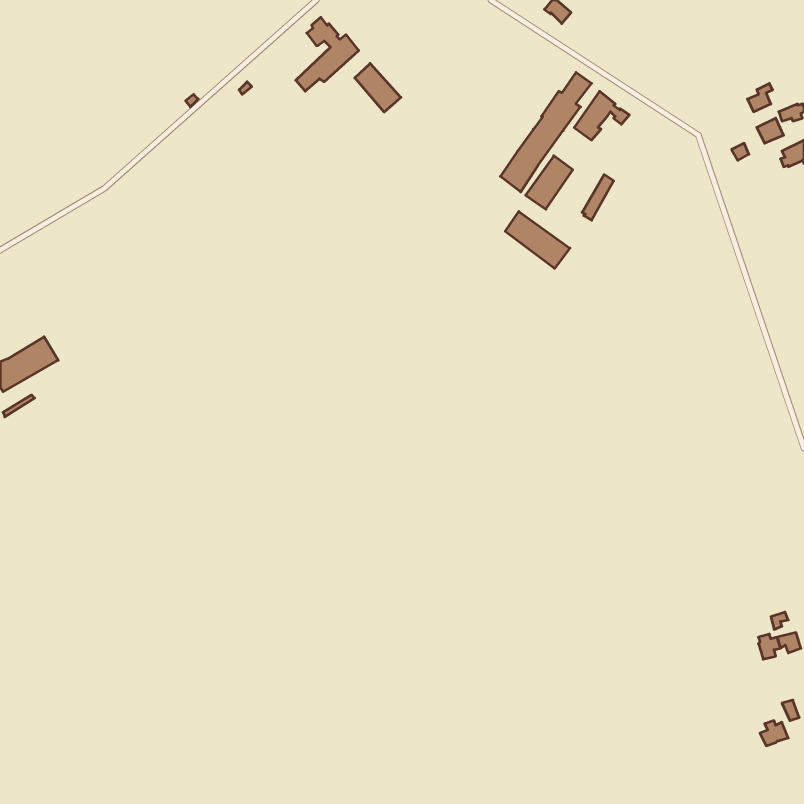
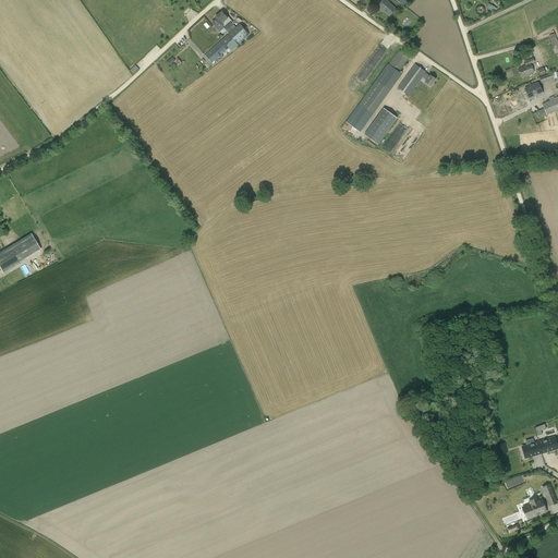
building: [355,63,401,112] -> none
building: [505,211,570,268] -> none

